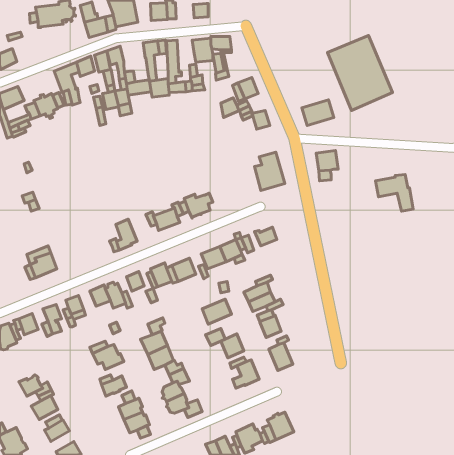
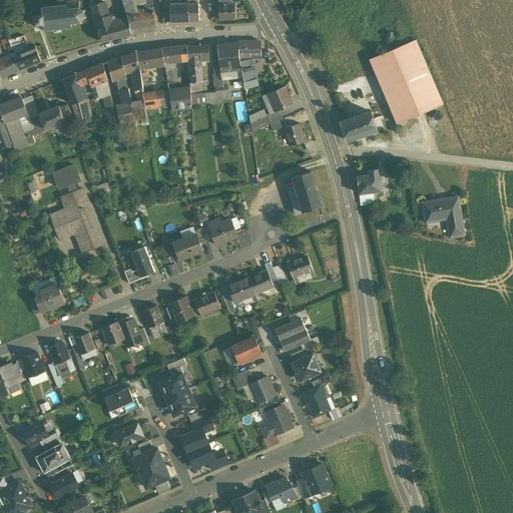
building: none -> [14,46,40,69]
building: none -> [135,48,163,69]
building: none -> [49,165,104,252]

